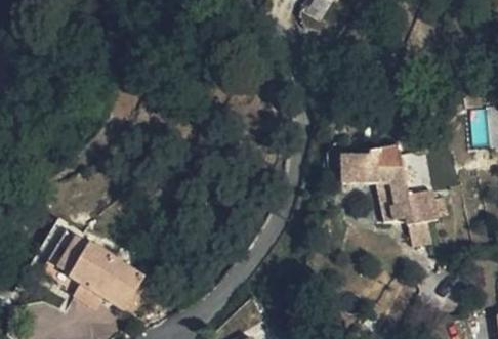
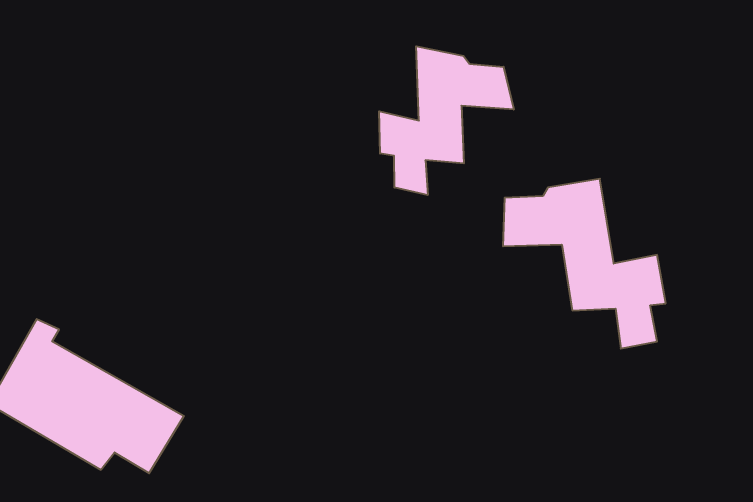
building: none -> [379,46,514,195]

